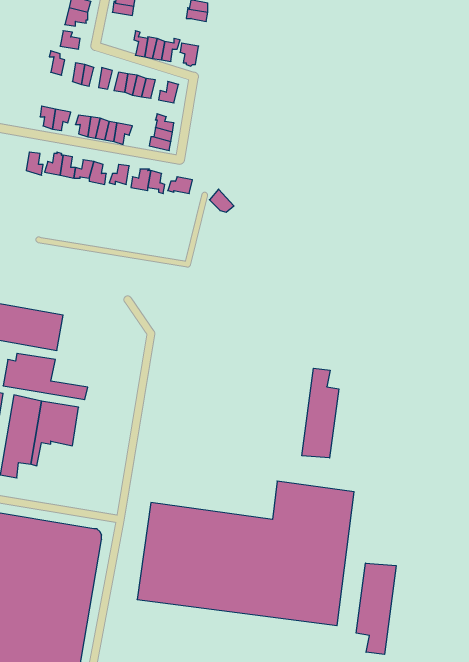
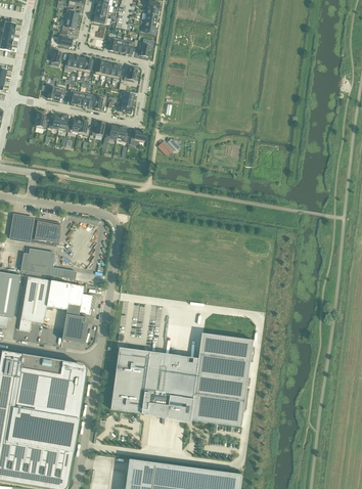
building: [302,368,339,458] -> none
building: none -> [60,283,91,342]
building: [356,563,396,654] -> none

